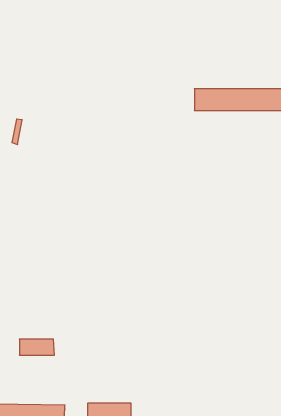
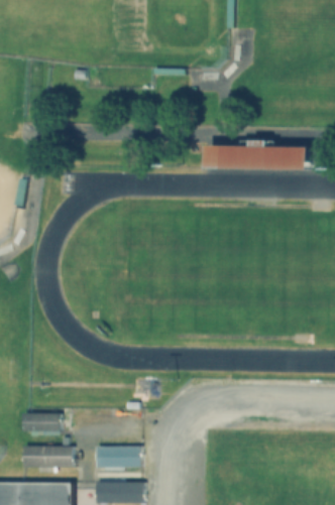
building: none -> [23,446,75,466]
building: none -> [97,447,140,468]

